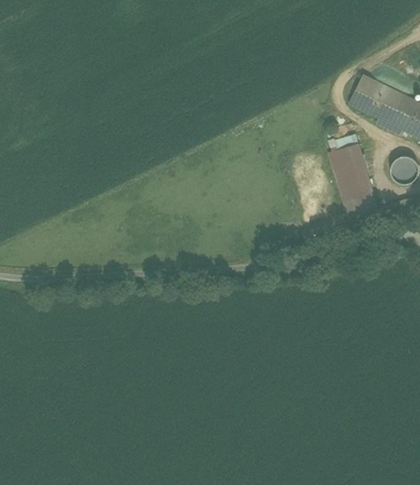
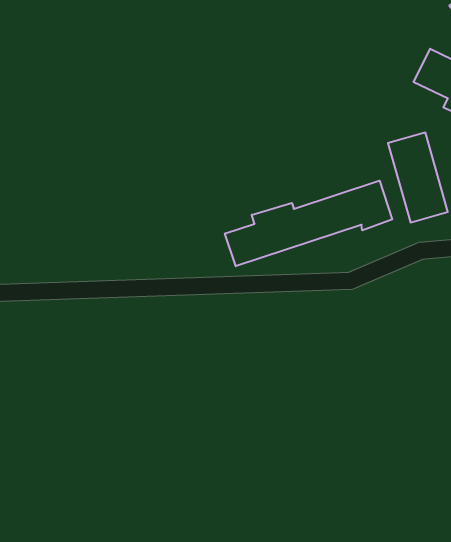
building: none -> [225,181,392,266]

